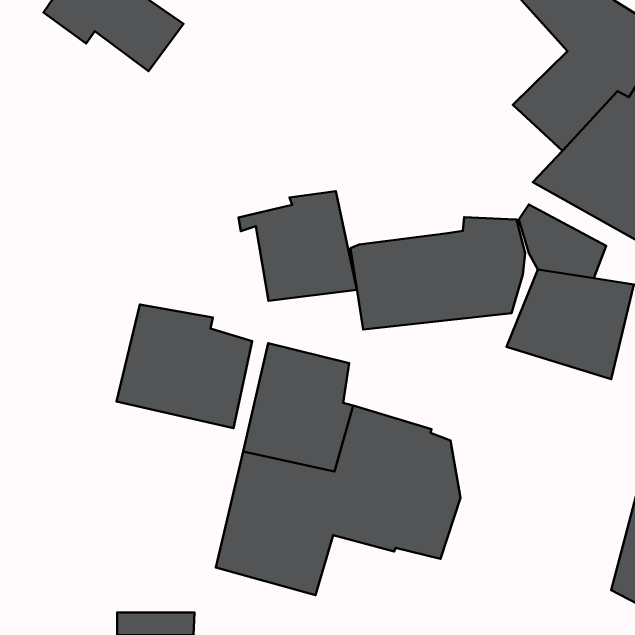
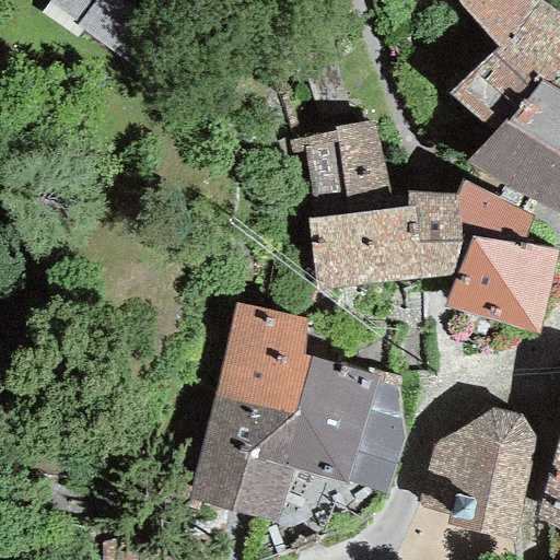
building: [238,191,357,301] -> [291,118,395,214]
building: [117,305,252,428] -> none
building: none -> [421,409,537,538]

